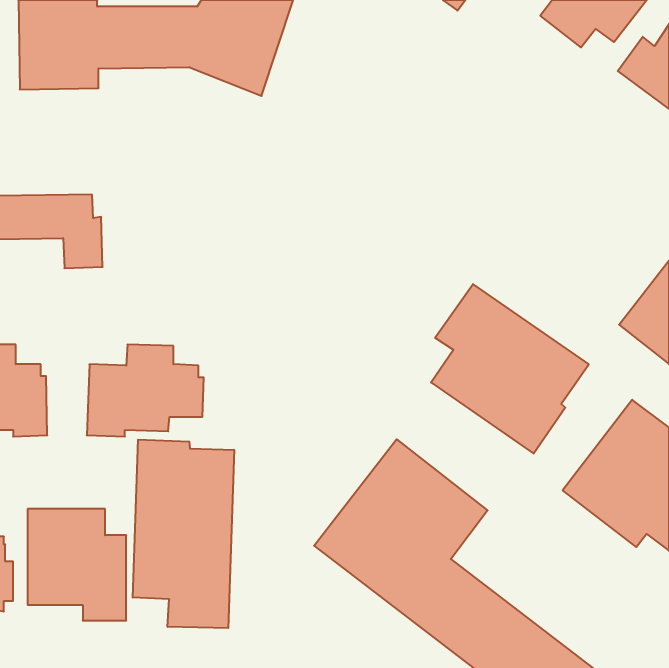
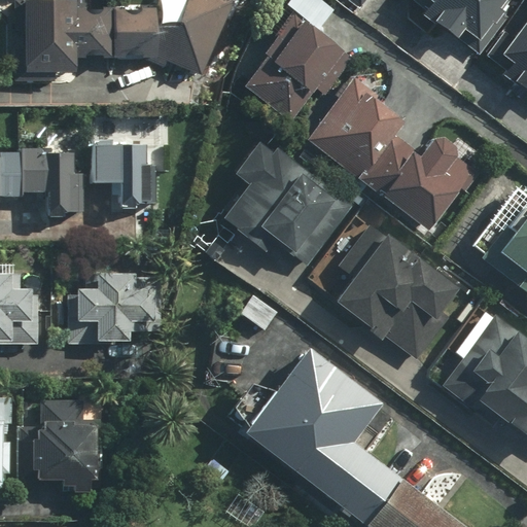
building: none -> [247,13,351,122]
building: none -> [306,80,477,232]
building: none -> [221,142,352,275]
building: none -> [94,144,152,207]
building: [133,440,234,628] -> none

